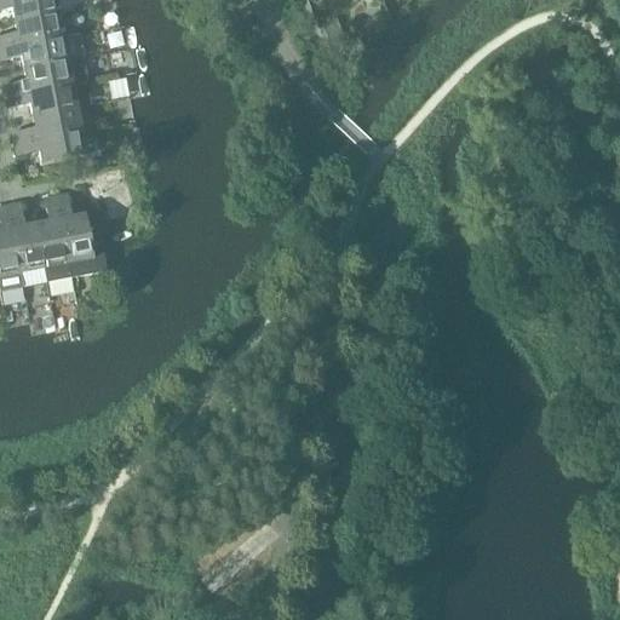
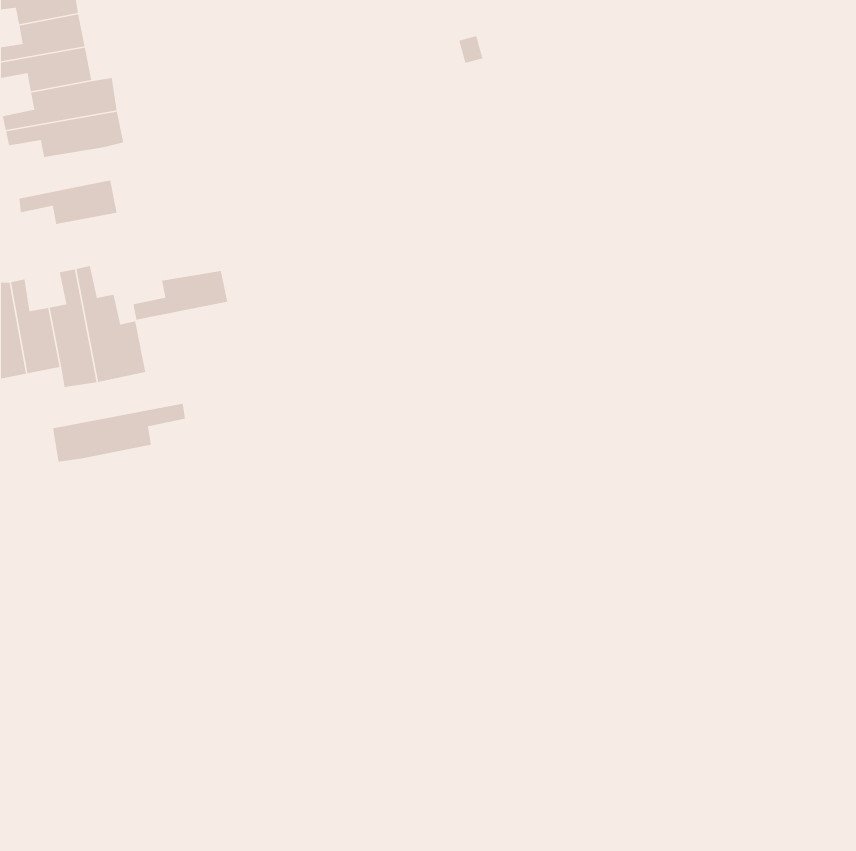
building: [12,107,81,143] -> [133,270,228,321]
building: none -> [52,403,186,462]

